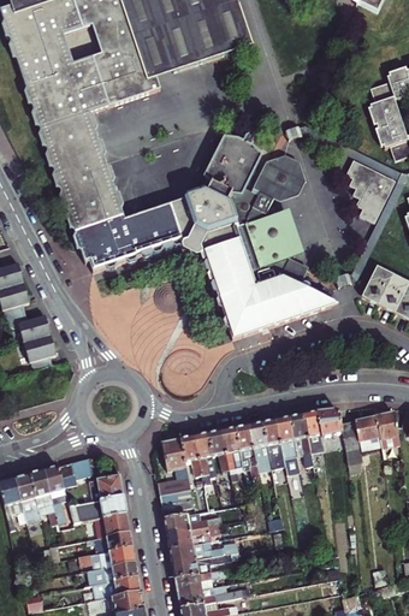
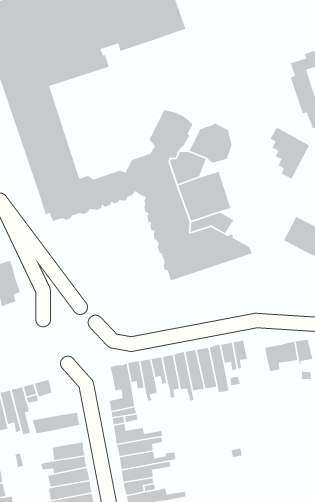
building: [318,407,344,436] -> none
building: [89,473,123,499] -> none
building: [93,510,129,535] -> none

